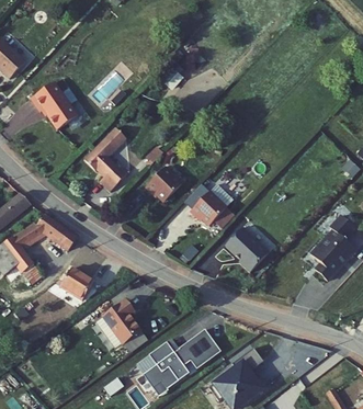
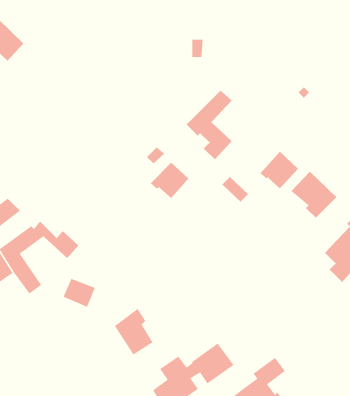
building: [33,77,81,125] -> none
building: [83,123,126,188] -> [186,90,233,160]
building: [189,188,225,223] -> [260,151,299,189]
building: [223,224,265,268] -> [291,171,337,219]

